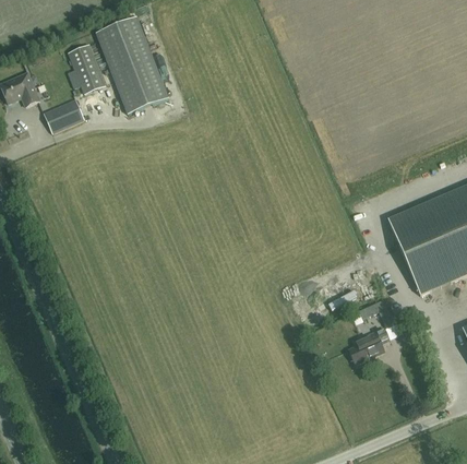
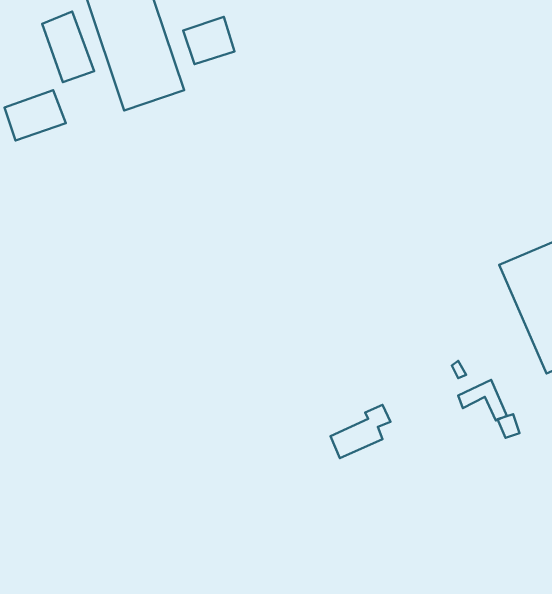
building: none -> [183,17,234,64]
building: [347,326,388,364] -> [330,405,390,458]

